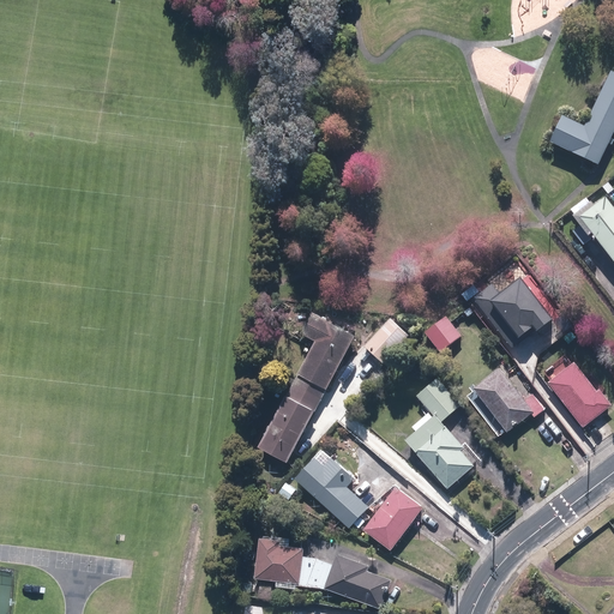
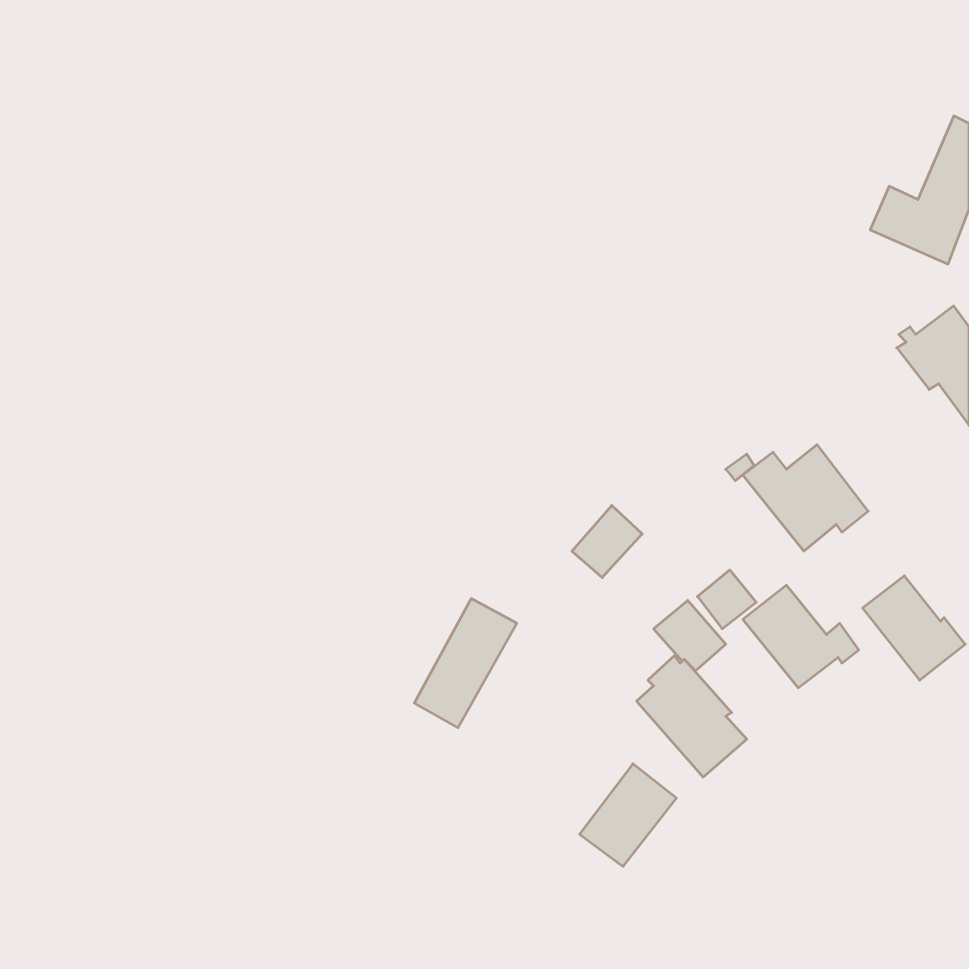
building: [299,315,356,390] -> none
building: [422,317,459,354] -> [697,570,756,629]
building: [299,447,369,525] -> none
building: [258,534,395,607] -> none

